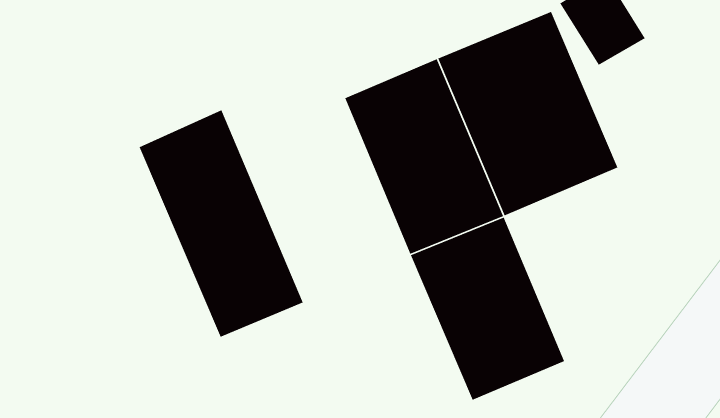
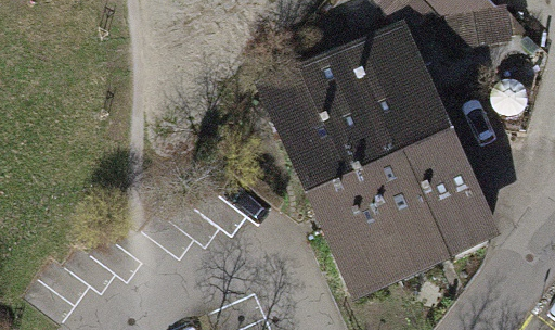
building: [138,109,304,338] -> none
building: none -> [372,134,496,271]

